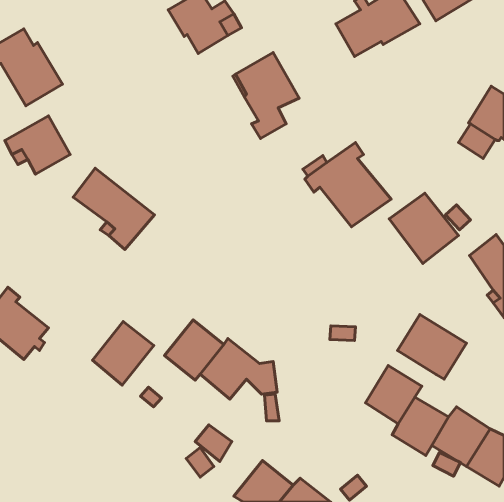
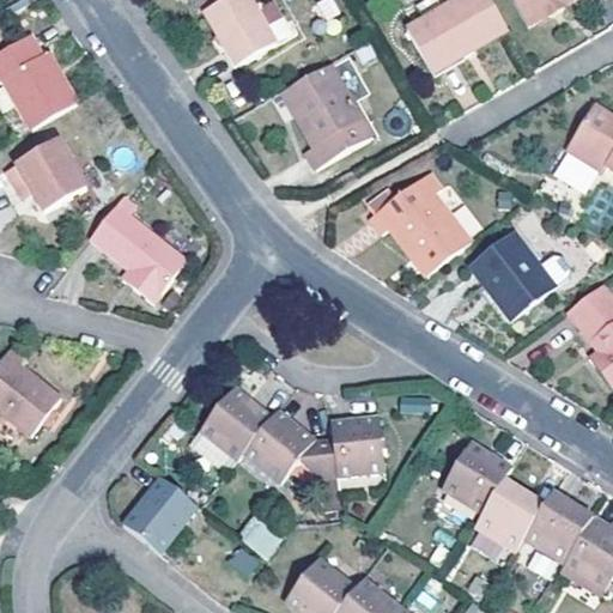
building: [397,314,466,379] -> none
building: [92,322,154,385] -> [122,477,196,553]
building: none -> [330,417,383,474]

